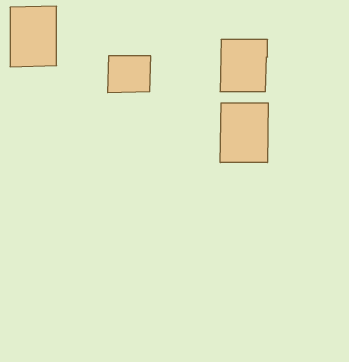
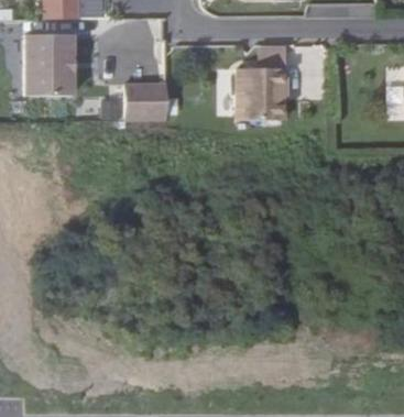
building: [220,103,268,163] -> none

